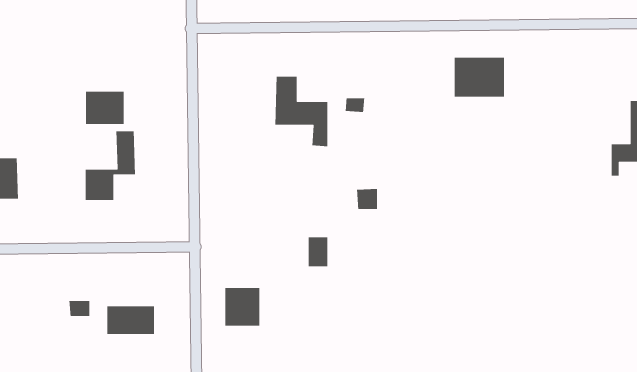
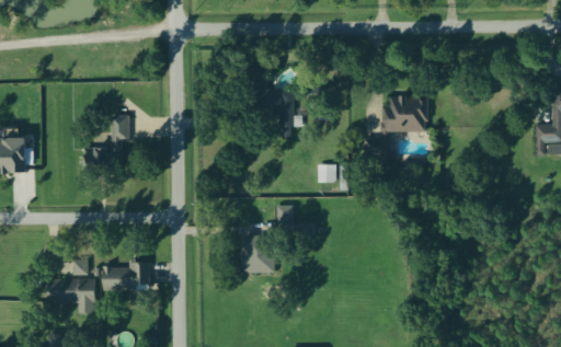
building: [454,57,505,98] -> [383,96,427,131]
building: [85,91,125,125] -> none
building: [224,287,260,327] -> [242,238,273,271]
building: none -> [49,278,95,302]

